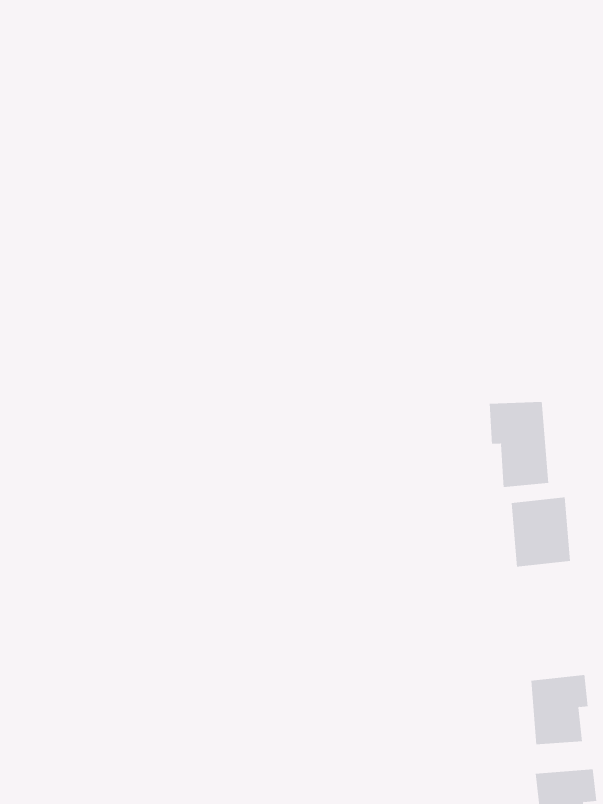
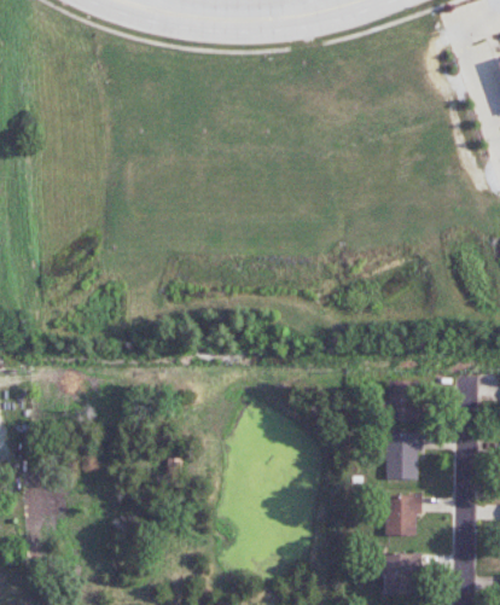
building: [489,401,549,488] -> none
building: none -> [386,434,424,481]

